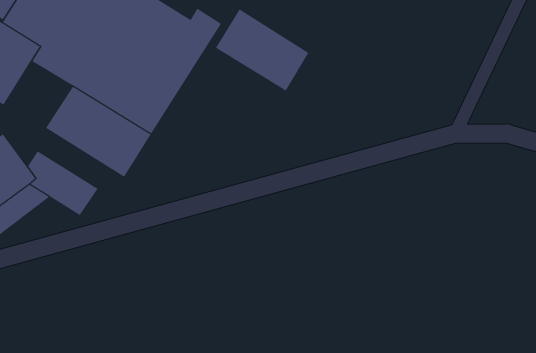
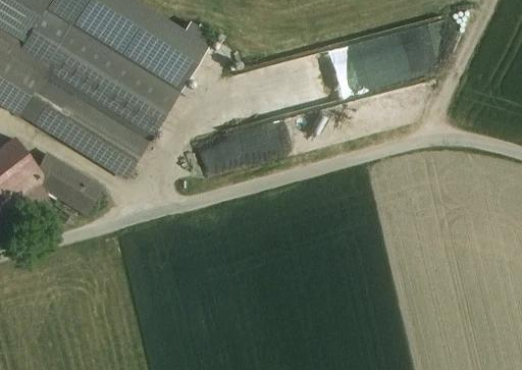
building: [215,9,309,92] -> none
building: none -> [16,71,76,131]

